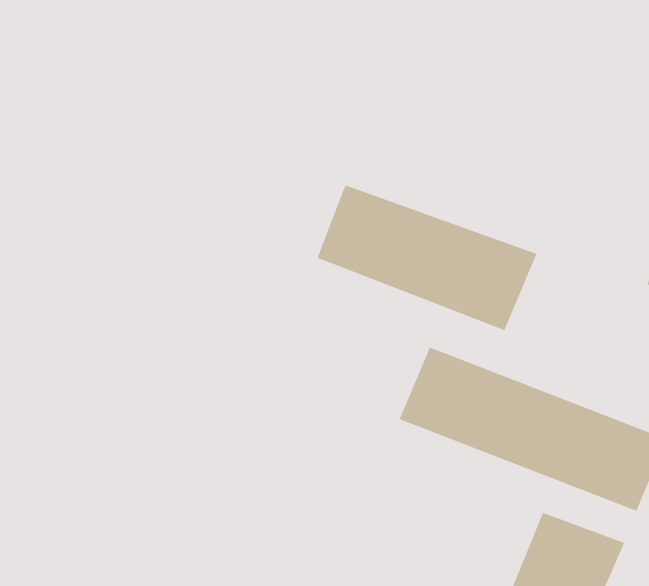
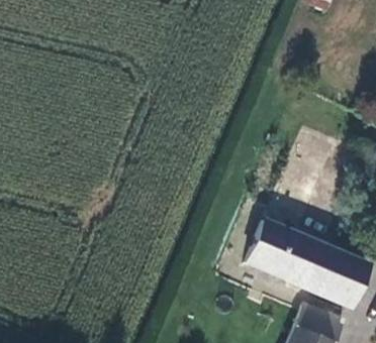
building: [317,185,538,331] -> none

